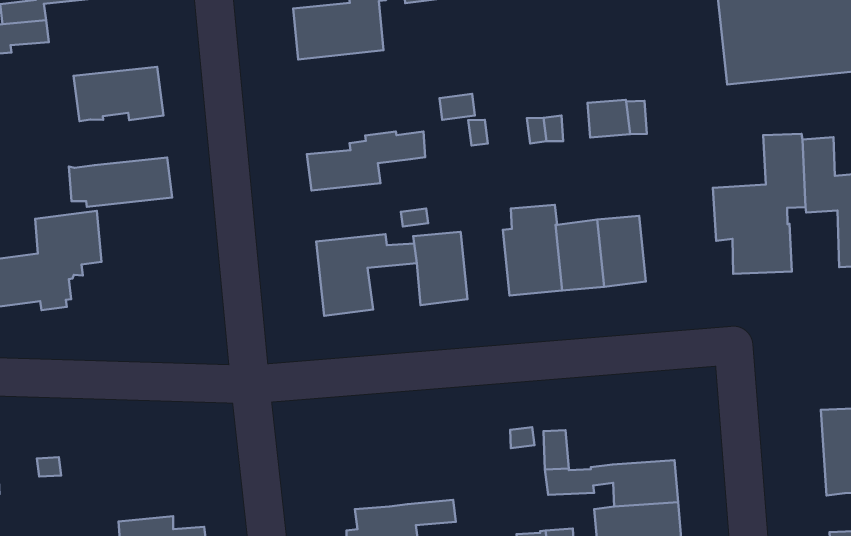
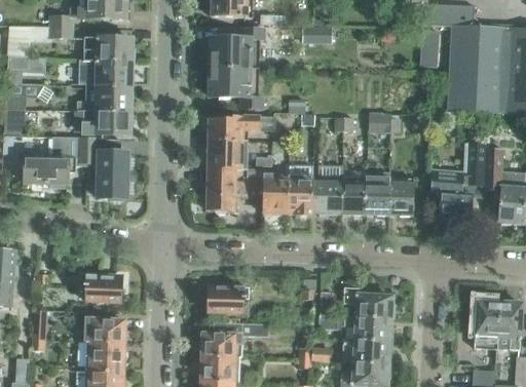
building: none -> [84,36,133,60]
building: none -> [210,66,262,107]
building: none -> [78,83,132,111]
building: none -> [208,140,248,165]
building: none -> [86,136,127,197]
building: none -> [288,164,312,216]
building: none -> [388,178,414,216]
building: none -> [346,293,392,316]
building: none -> [206,285,249,321]
building: none -> [81,274,122,301]

